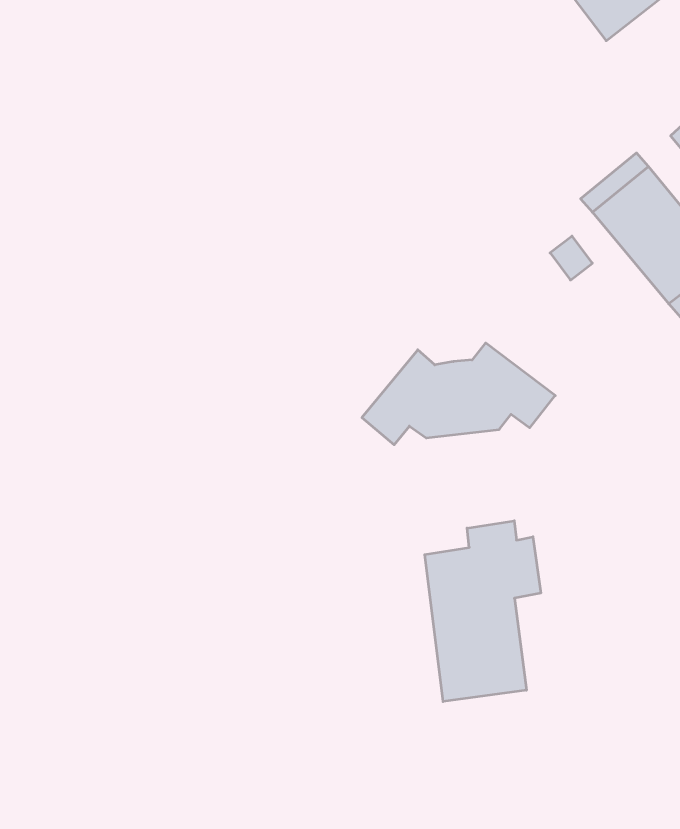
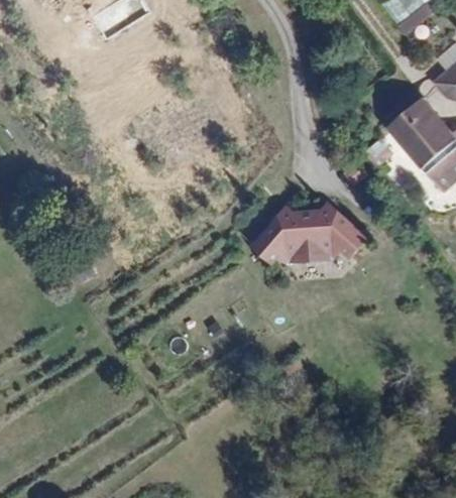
building: [425,521,541,702] -> none

